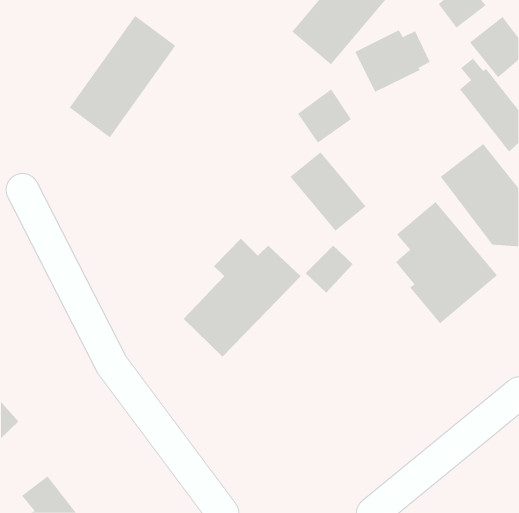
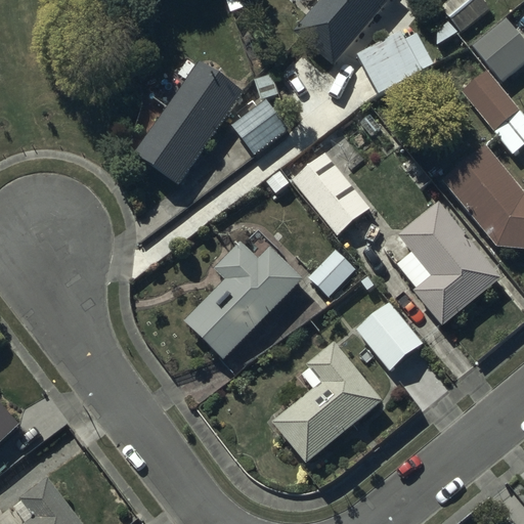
building: [69,15,176,138] -> [134,59,243,183]
building: [297,89,352,143] -> [233,97,289,152]
building: none -> [355,300,424,370]
building: none -> [273,342,383,463]

